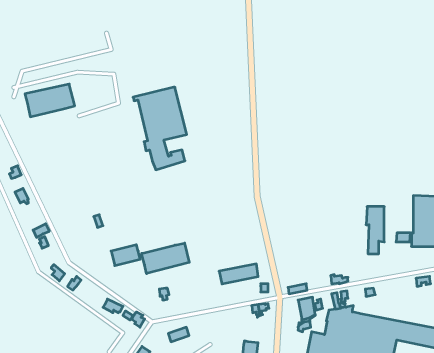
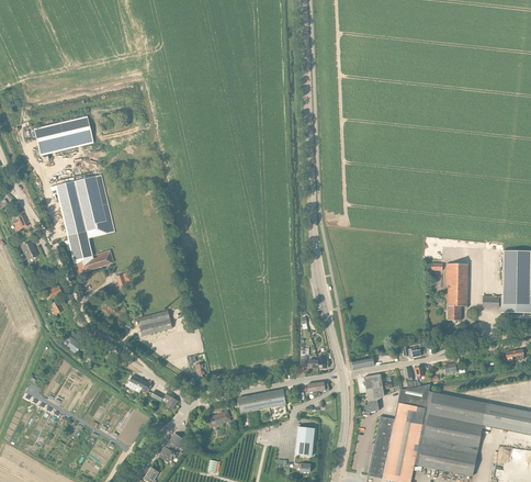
building: [133,87,187,170] -> [50,175,115,274]
building: [142,243,189,274] -> none
building: [219,264,258,284] -> [238,389,285,413]

